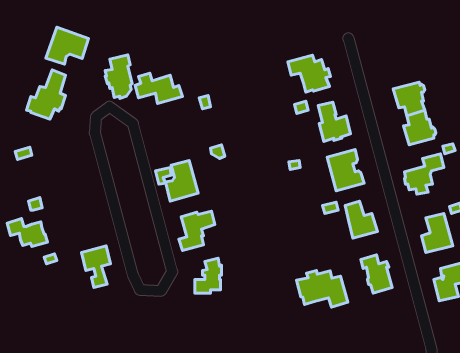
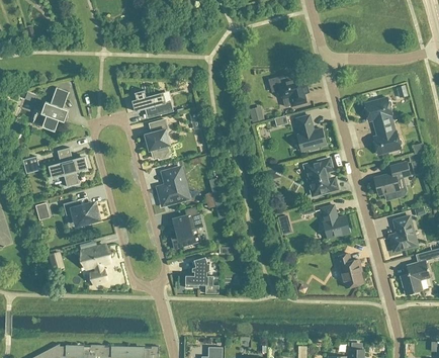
building: [46,27,89,64] -> none
building: [105,55,132,99] -> [145,119,169,159]
building: none -> [48,147,87,186]
building: [7,219,47,247] -> [63,199,99,225]
building: [296,270,348,307] -> none

